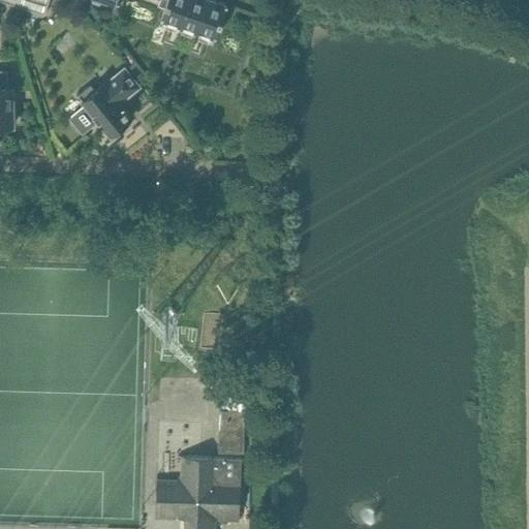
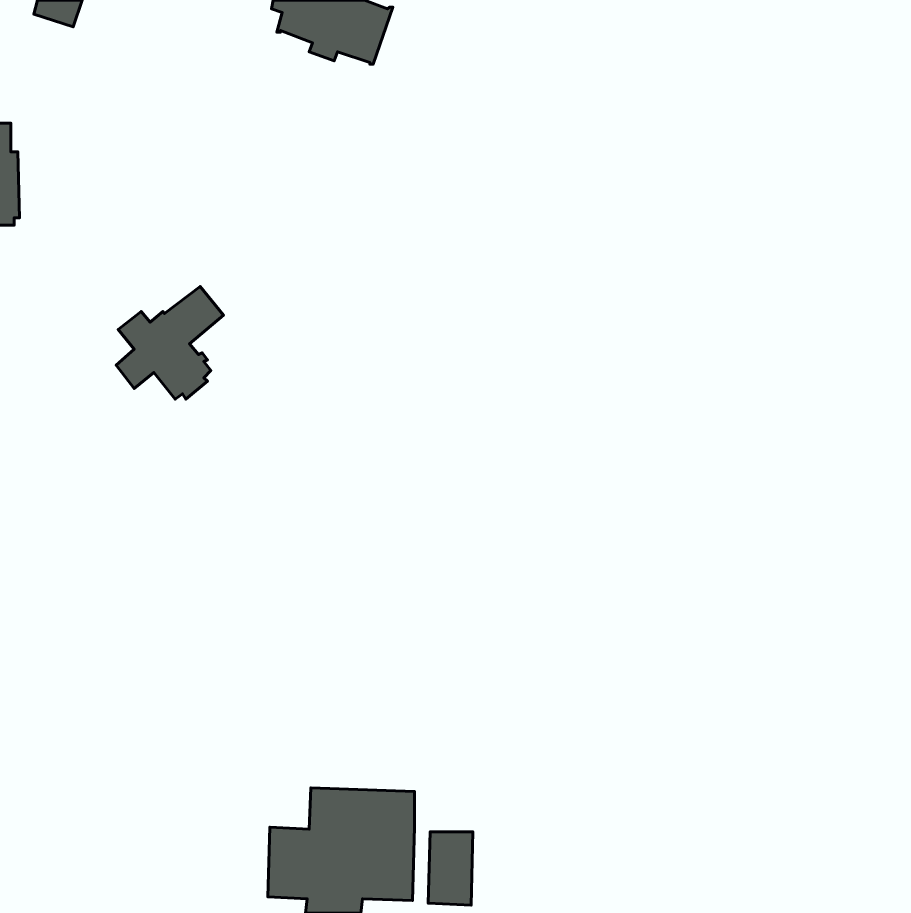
building: [75,70,137,135] -> [116,287,223,399]
building: [218,411,244,454] -> [428,832,473,905]

